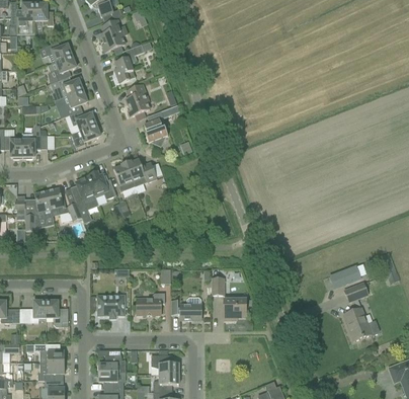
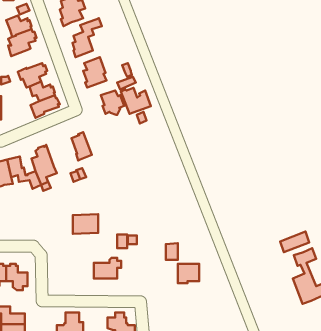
building: [51,76,83,100] -> none
building: [126,158,157,185] -> [121,88,151,114]
building: [87,171,113,198] -> none
building: [98,295,125,315] -> [73,214,98,234]
building: [171,296,201,319] -> none

